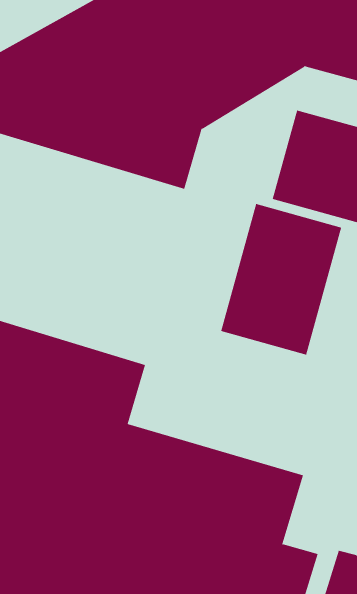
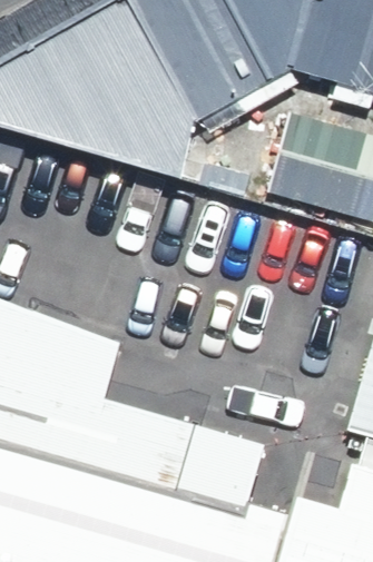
building: [220,203,342,355] -> none

